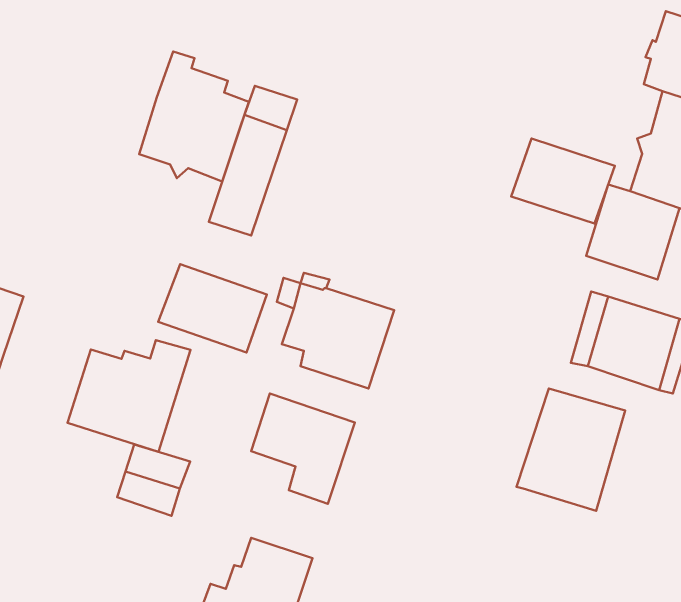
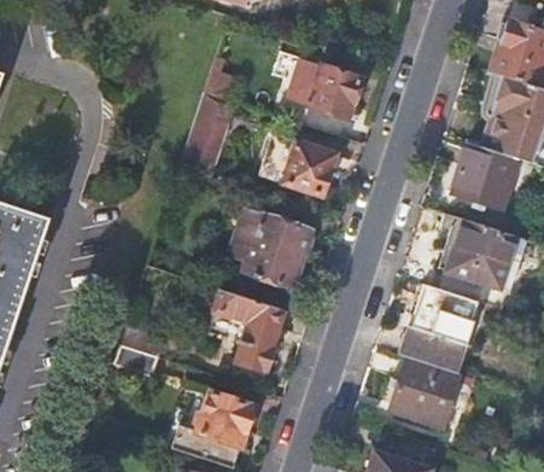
building: [139,51,249,181] -> none
building: [511,139,615,224] -> [288,60,362,121]
building: [158,264,267,352] -> [261,134,338,197]
building: [68,340,191,452] -> none
building: none -> [388,359,460,426]

